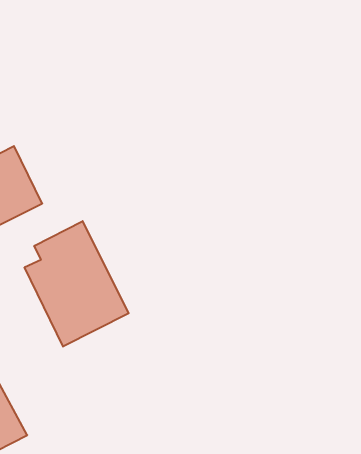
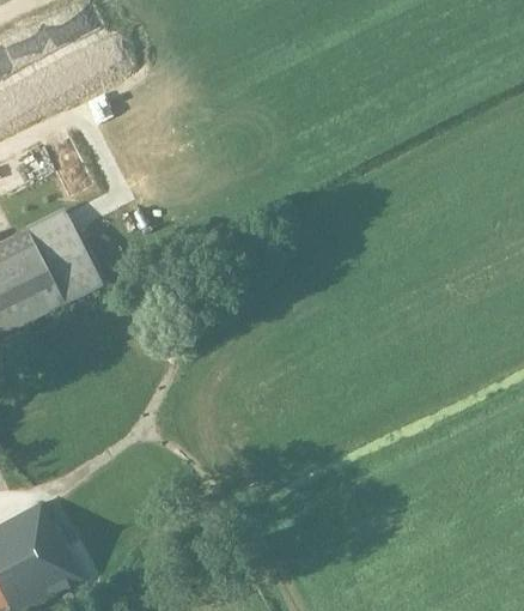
building: [25,221,129,347] -> none

